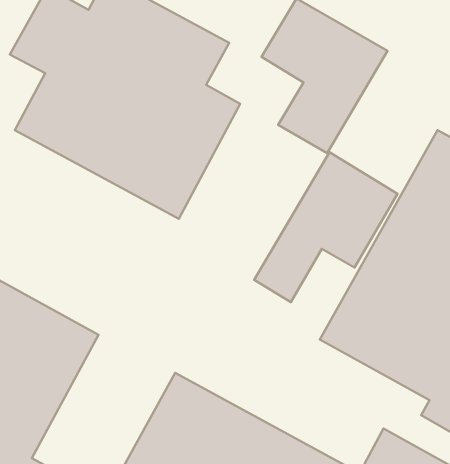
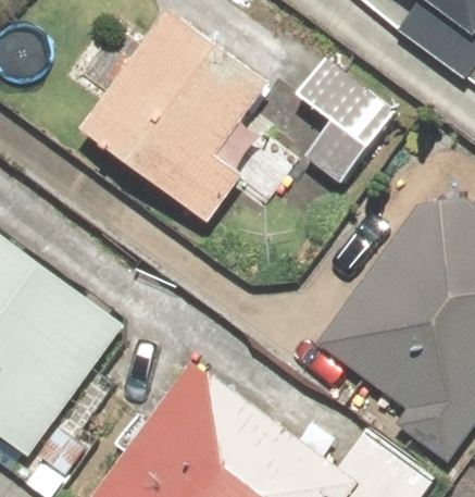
building: [254,152,398,302] -> none

